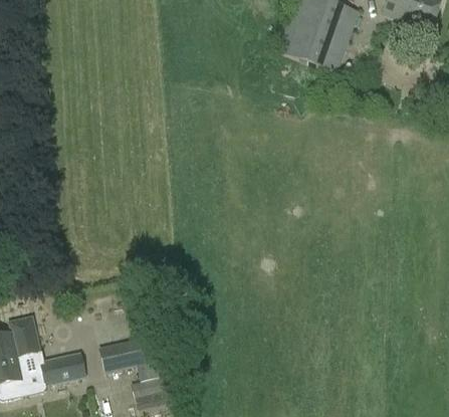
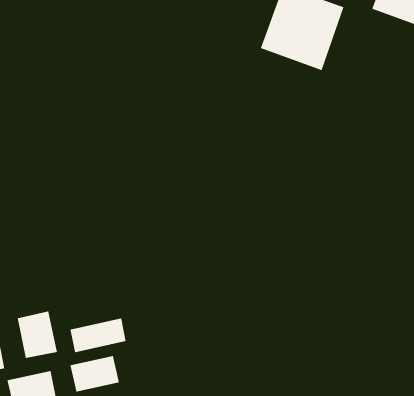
building: none -> [17,310,58,359]
building: none -> [70,318,127,353]

